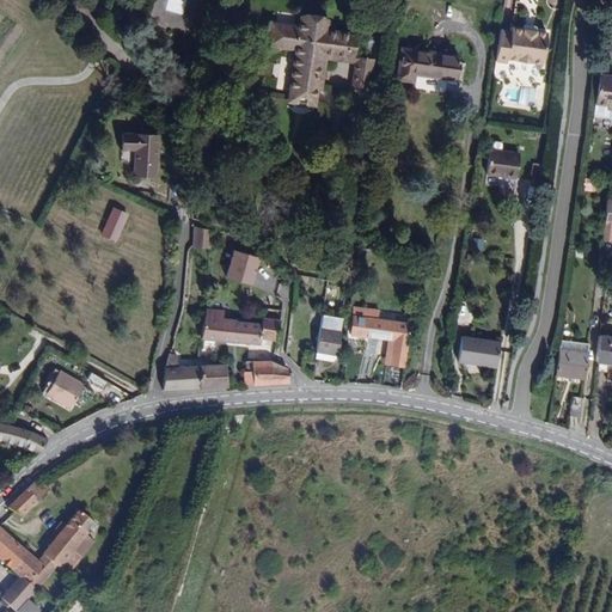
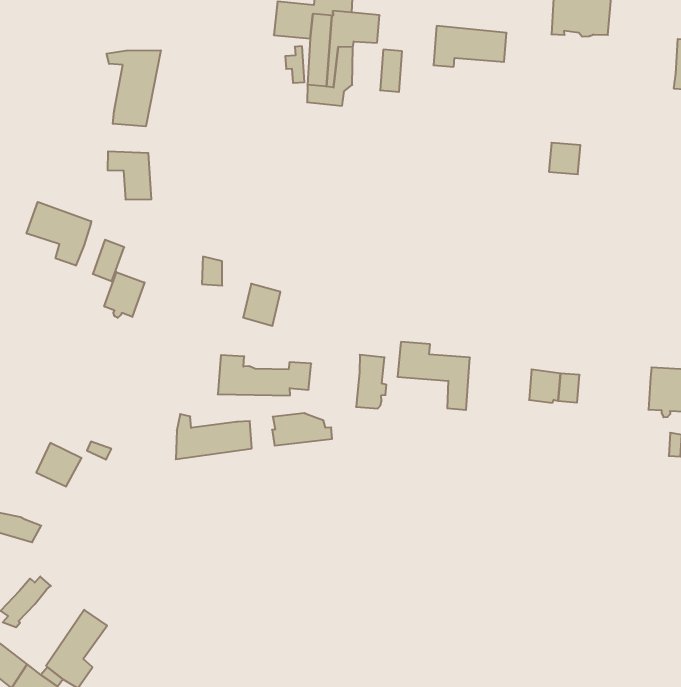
building: none -> [107,50,161,126]
building: none -> [27,202,91,266]
building: none -> [104,272,145,318]

